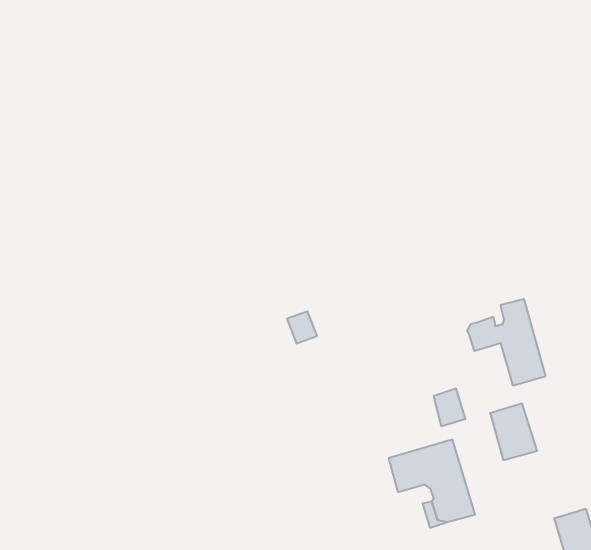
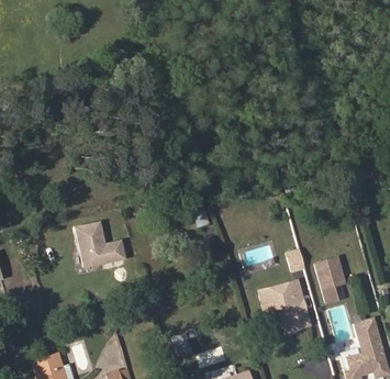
building: [467,299,545,386] -> none
building: none -> [78,219,130,266]

